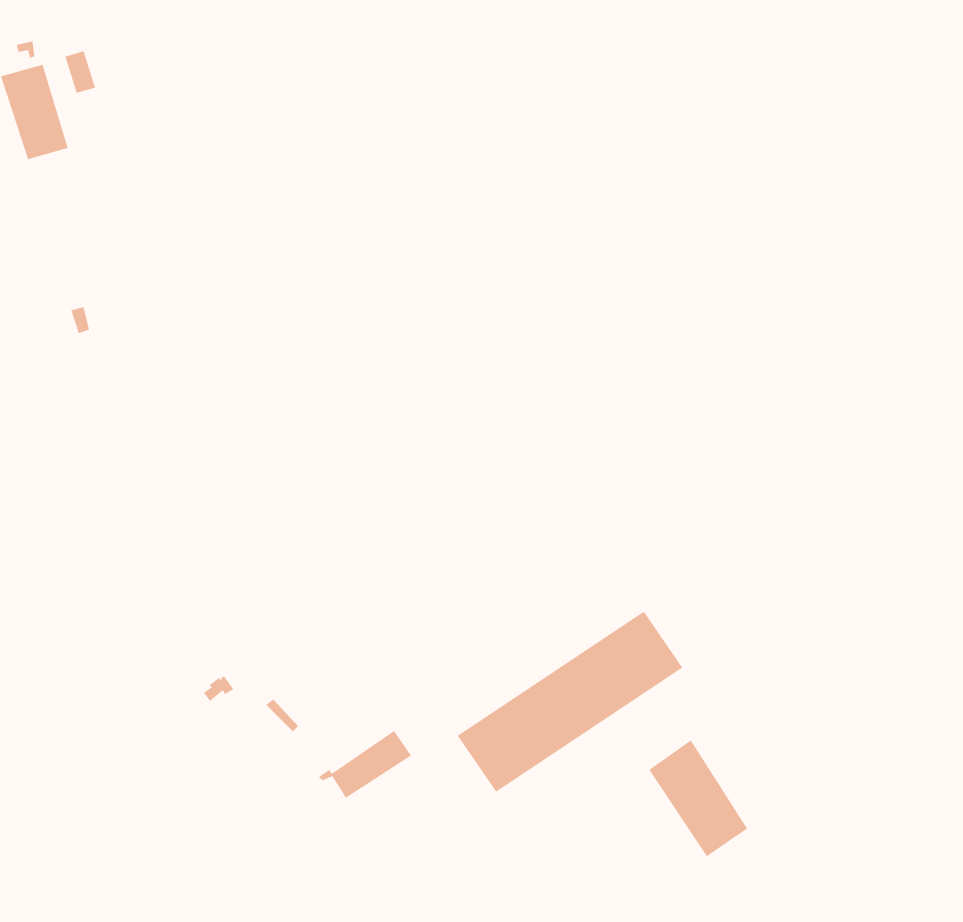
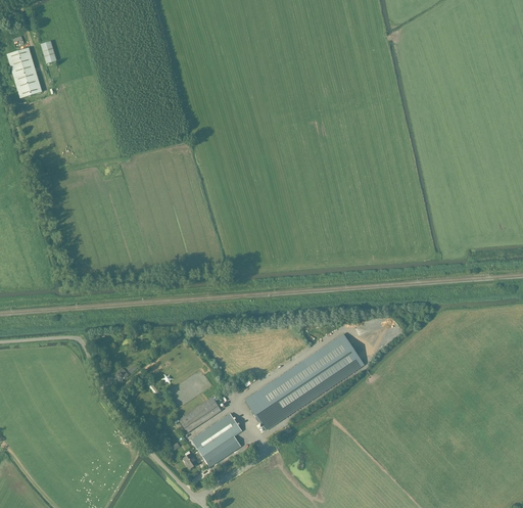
building: [649,740,748,857] -> none
building: none -> [183,414,241,468]

